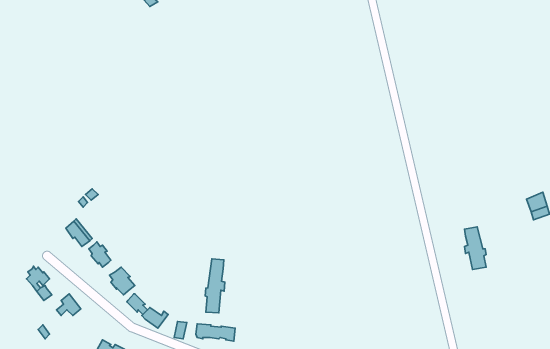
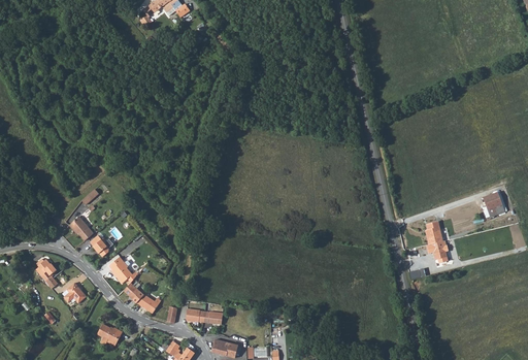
building: [205,259,225,313] -> none

